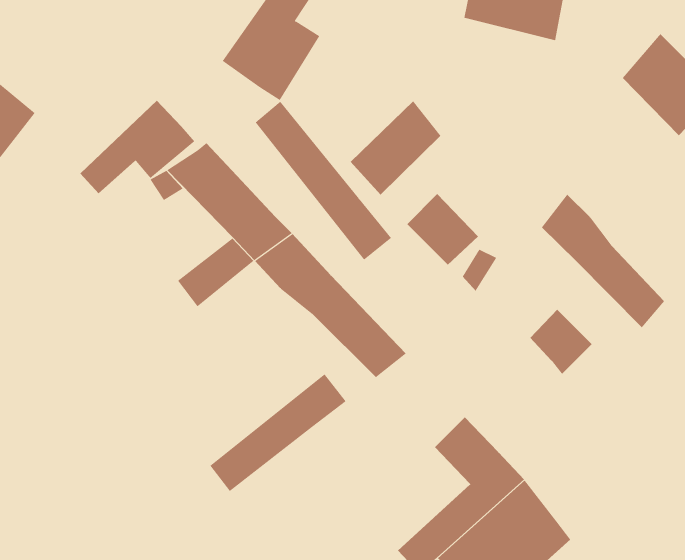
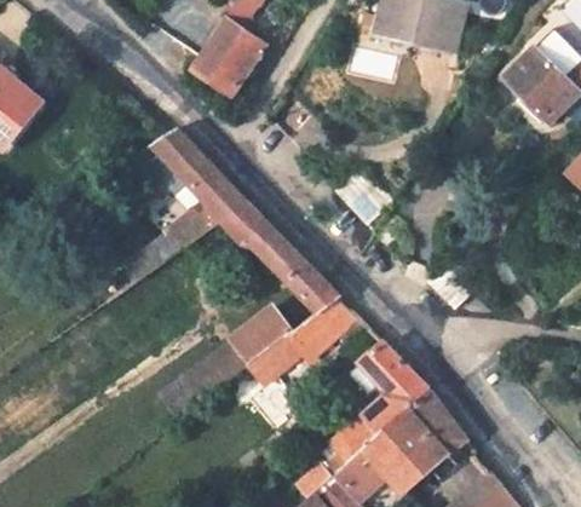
building: [79,100,195,194] -> none
building: [350,100,441,195] -> none
building: [255,101,392,260] -> none
building: [541,194,665,328] -> none
building: none -> [261,293,369,368]

